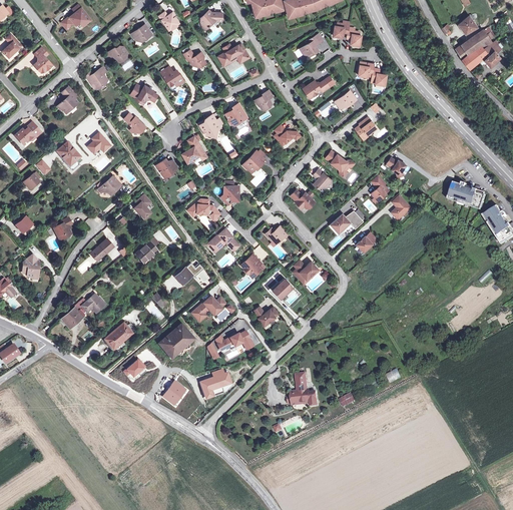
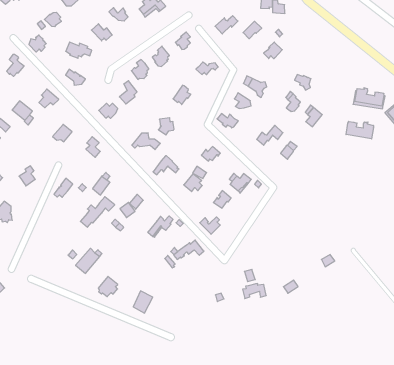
building: none -> [346,121,373,139]
building: [61,295,103,327] -> [80,197,115,227]
building: [159,324,192,357] -> none
building: [199,369,232,401] -> none

